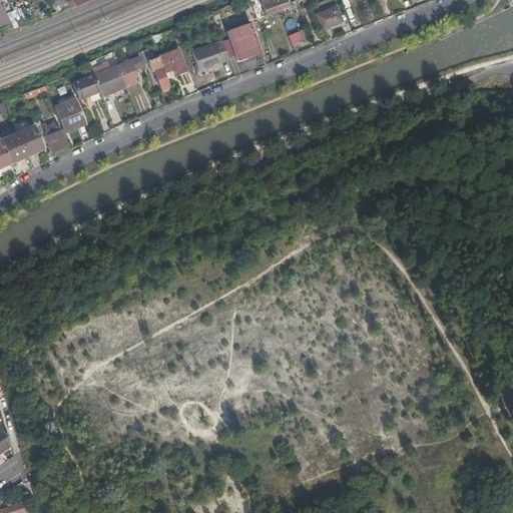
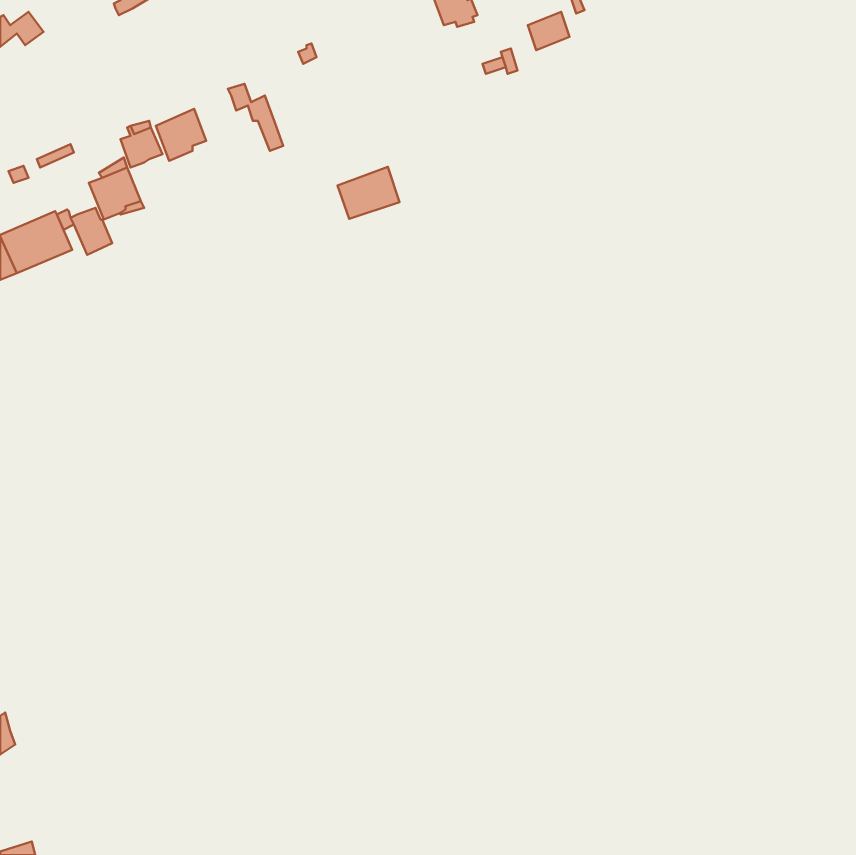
building: [227,24,260,60] -> none
building: [191,39,228,70] -> [338,167,400,219]
building: [158,50,186,76] -> none
building: [116,57,141,86] -> none

